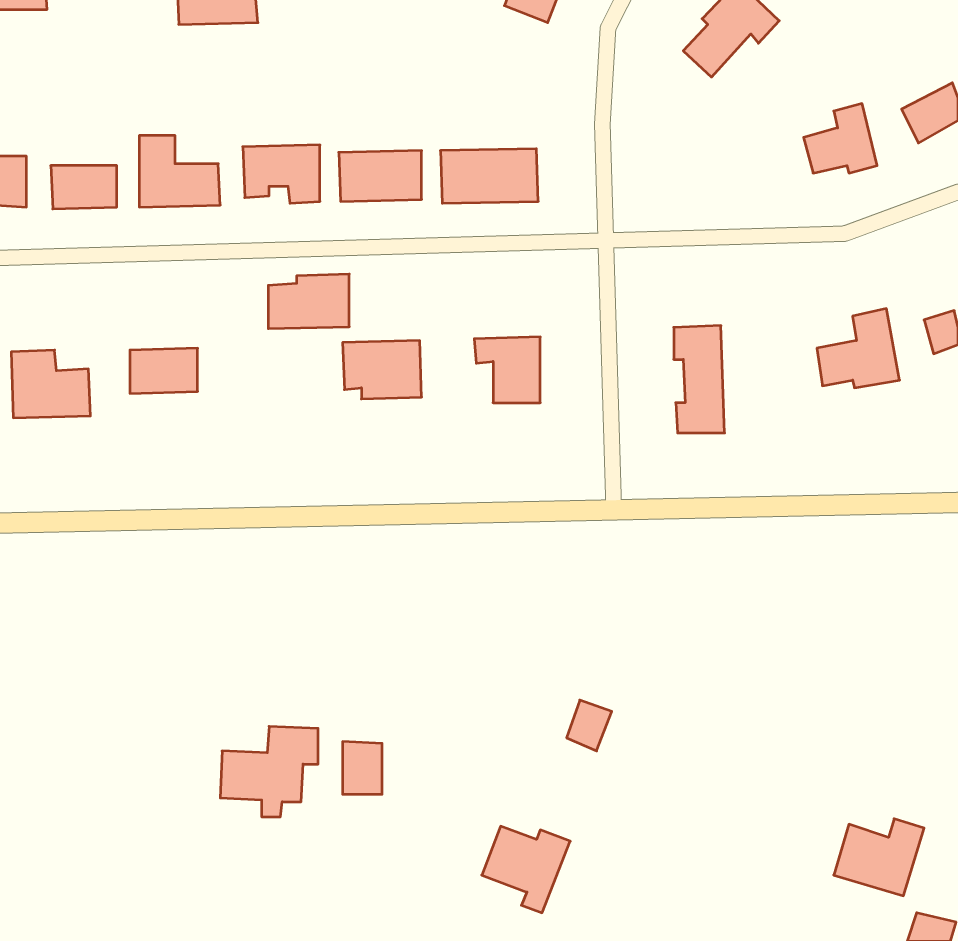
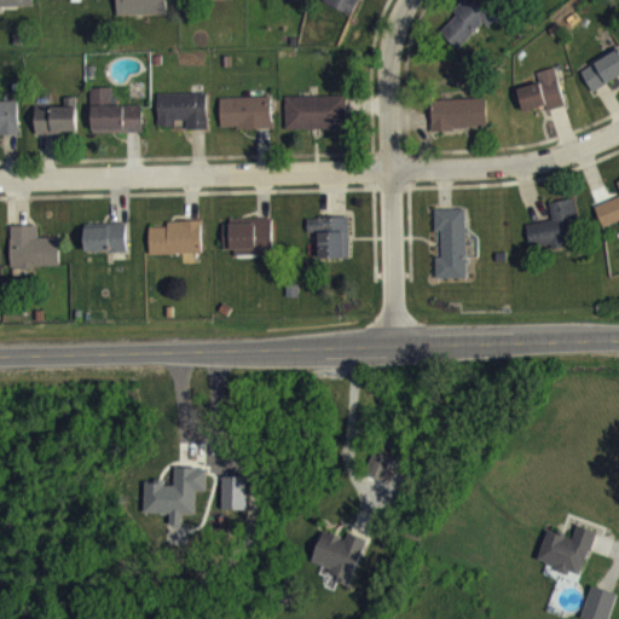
building: none -> [429,98,485,129]
building: [268,274,349,329] -> [147,220,199,255]

